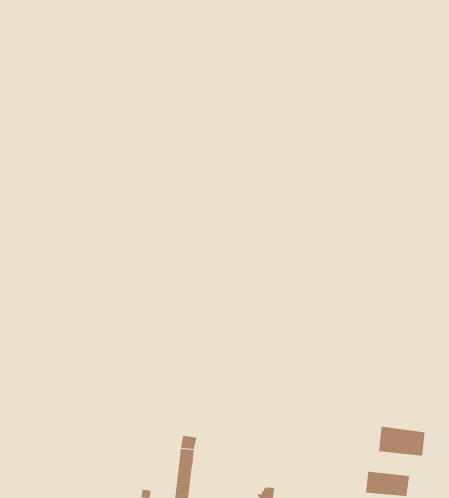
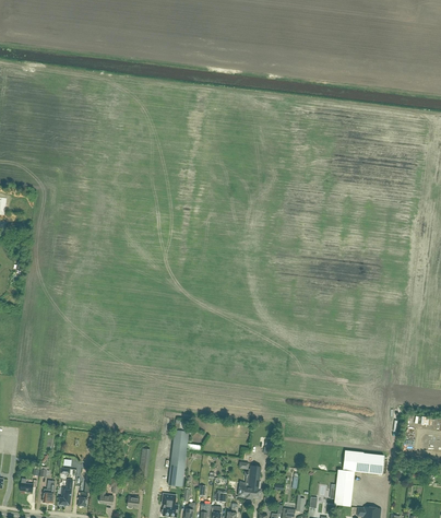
building: [378,426,425,457] -> none

